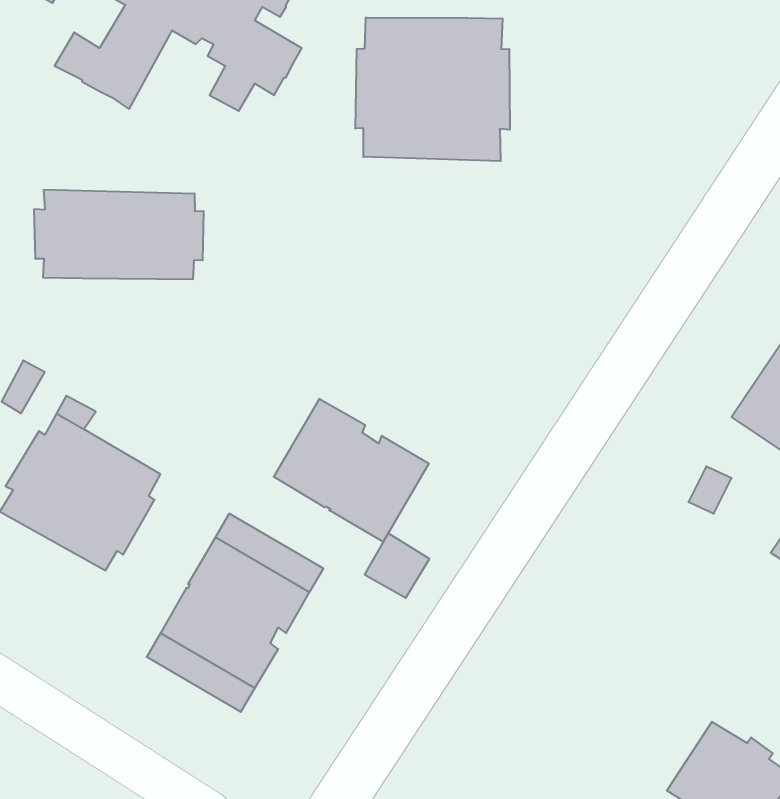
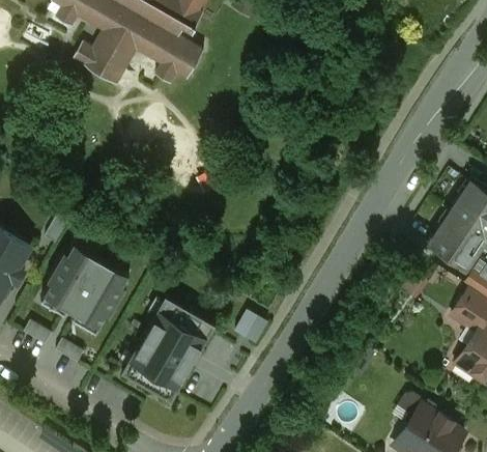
building: [355,17,510,161] -> none
building: [34,190,203,279] -> none
building: [274,399,429,542] -> none

